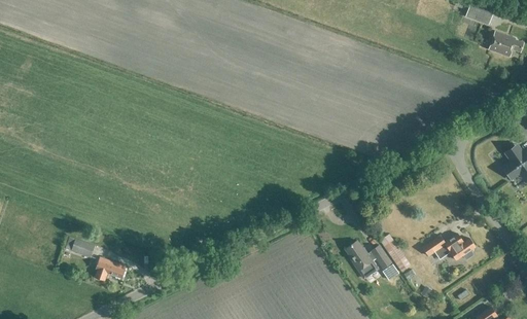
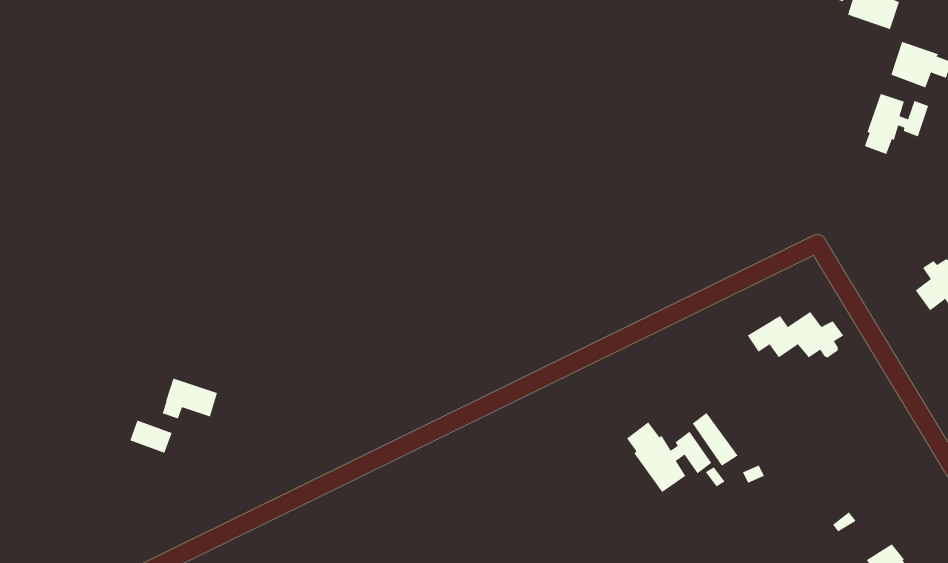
building: none -> [864,93,929,155]
building: [422,234,476,259] -> [747,311,844,358]
building: [95,257,126,280] -> [162,378,218,419]

